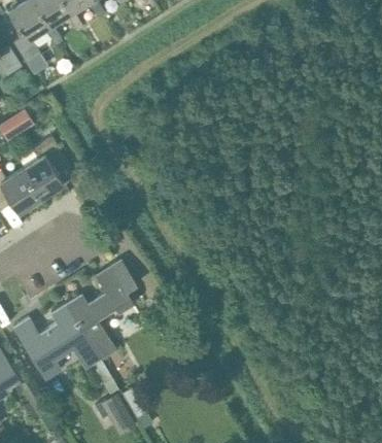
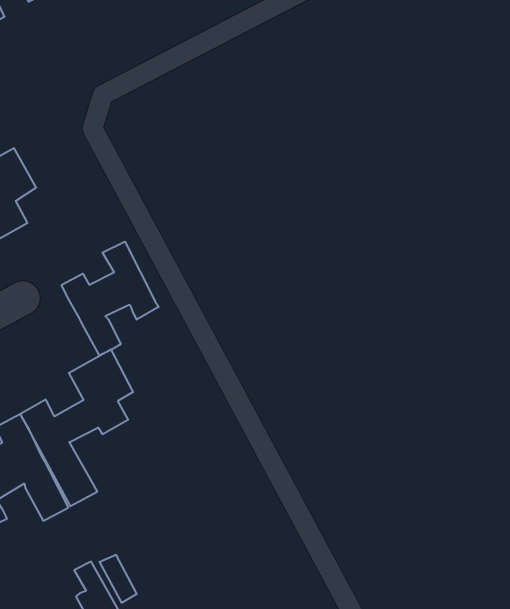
building: none -> [62,242,159,356]

